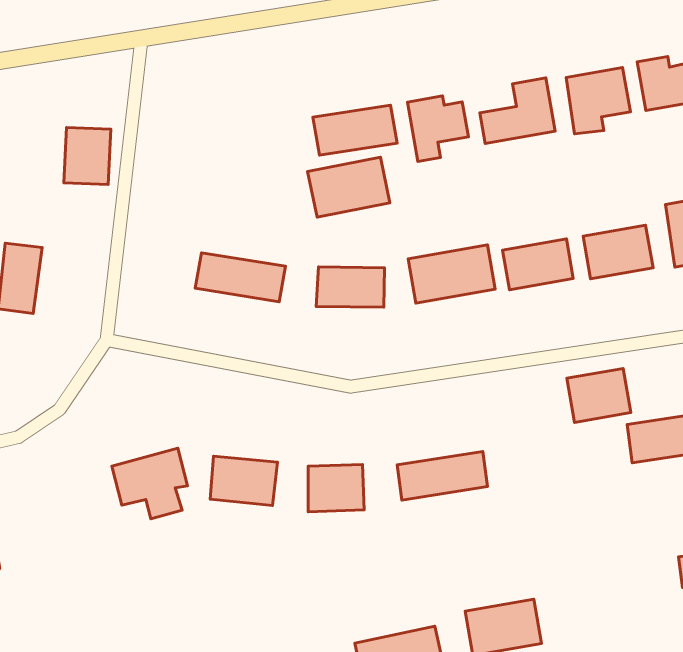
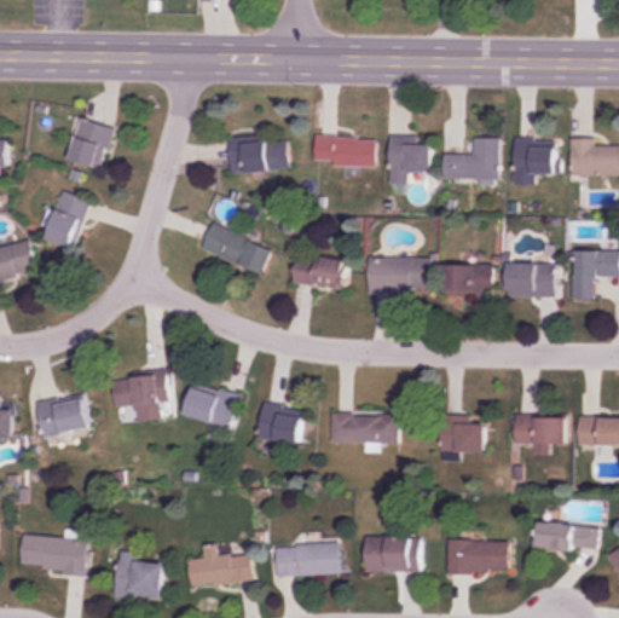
building: [64,128,111,185] -> [66,120,110,169]
building: [308,157,390,217] -> [228,137,288,174]
building: [567,368,631,422] -> [439,417,484,452]
building: none -> [34,394,87,438]
building: none -> [446,539,508,573]

